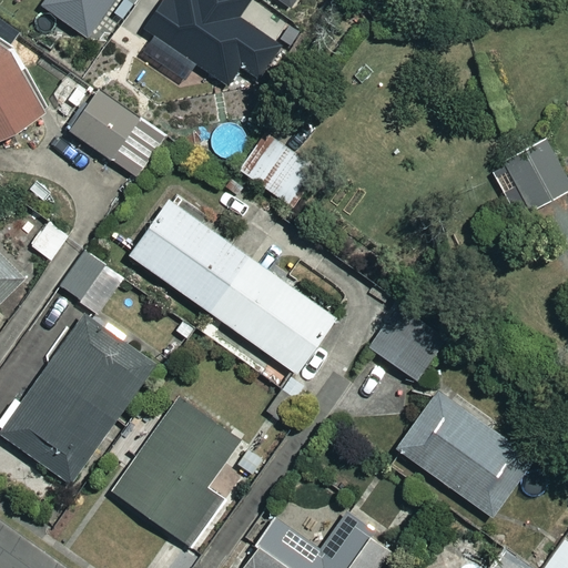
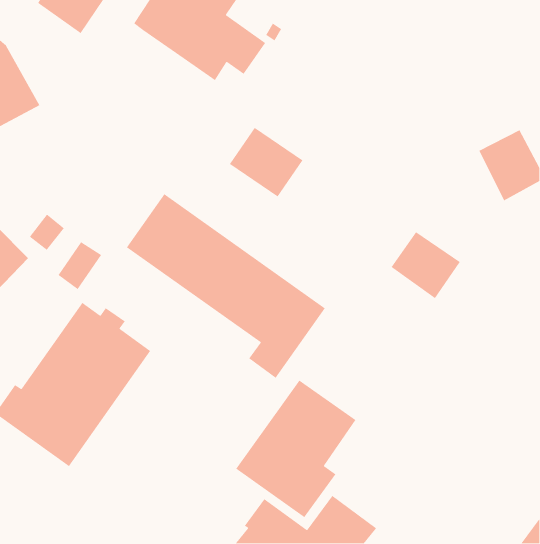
building: [61,87,161,174] -> none
building: [369,311,443,382] -> [390,231,461,299]
building: [397,394,531,517] -> none
building: [112,398,239,542] -> [235,379,357,518]

